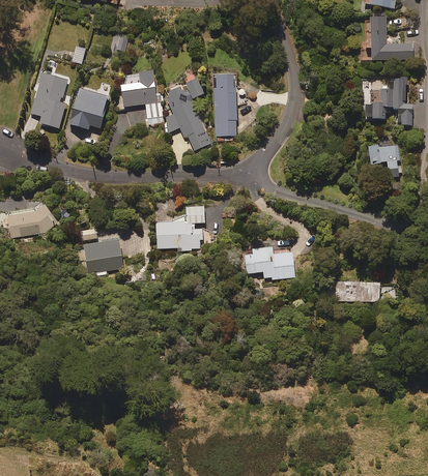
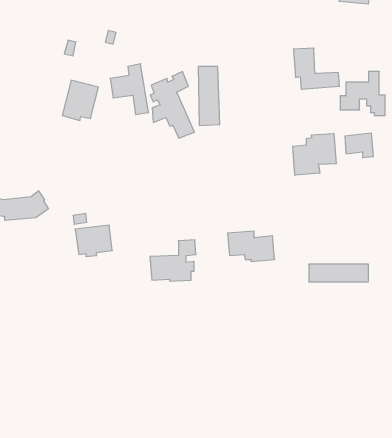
building: [364,18,412,61] -> [293,48,339,89]
building: [29,72,66,128] -> none
building: none -> [293,133,336,175]
building: [155,206,204,249] -> [150,240,196,281]

